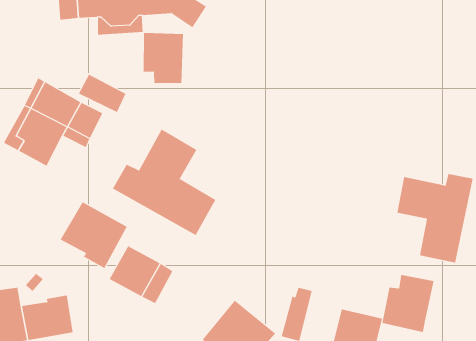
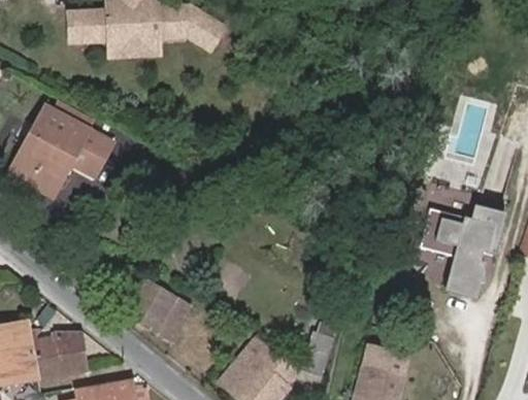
building: [143,32,183,84] -> none
building: [78,74,126,113] -> none
building: [112,129,216,236] -> none
building: [60,201,127,269] -> none
building: [382,274,434,333] -> none

